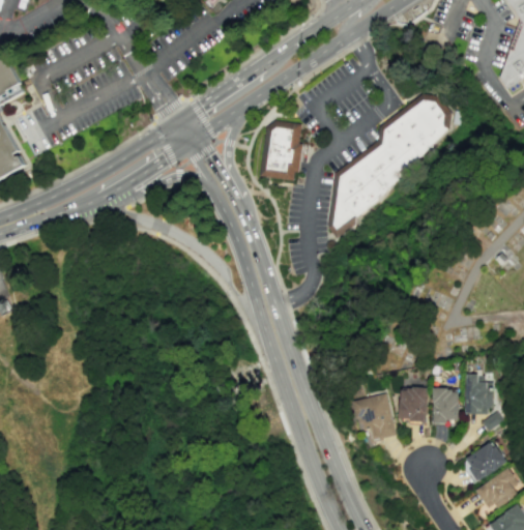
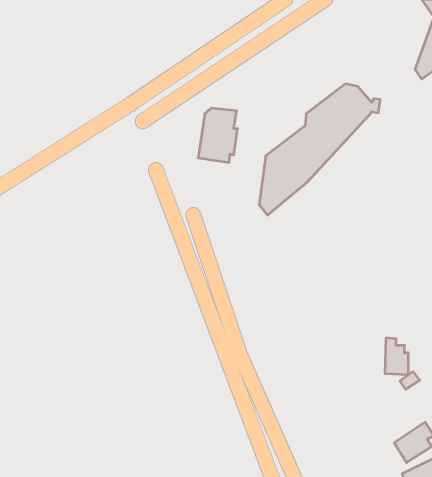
building: [399,387,427,422] -> none
building: [433,389,459,423] -> none
building: [353,393,396,442] -> none
building: [461,442,506,483] -> none

